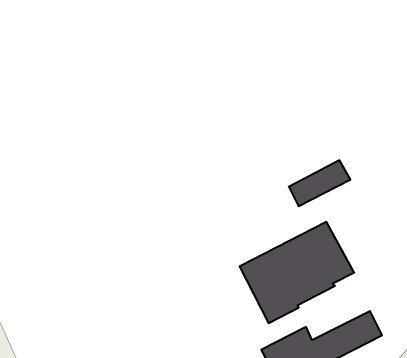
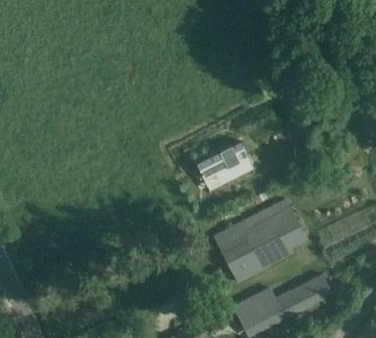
building: [289,160,350,206] -> [199,142,250,180]

